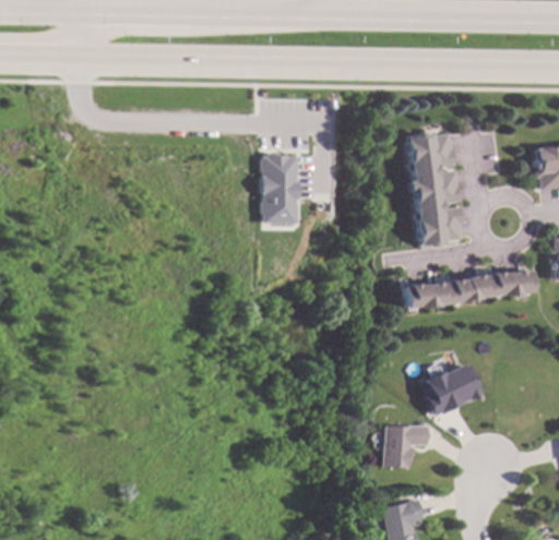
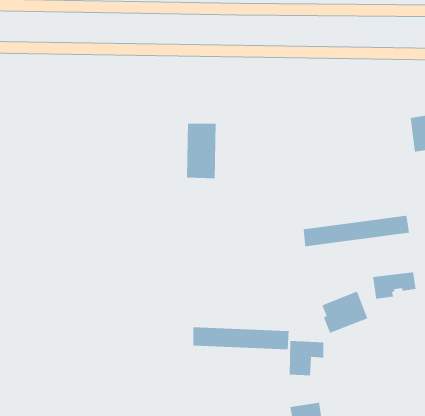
building: [406,131,464,245] -> none
building: none -> [373,271,416,299]
building: none -> [193,327,289,350]

